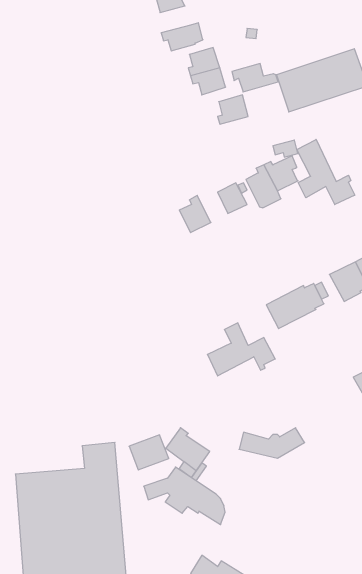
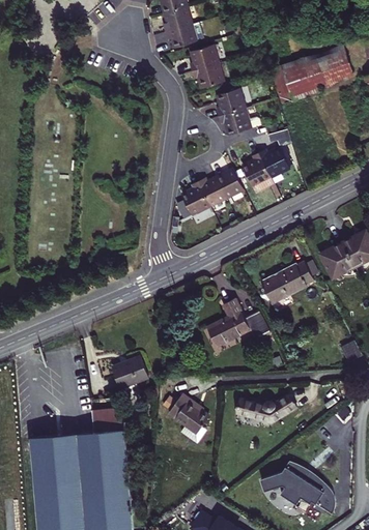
building: none -> [163,7,192,32]
building: [232,64,278,92] -> [219,109,261,135]
building: [297,139,355,205] -> none
building: none -> [198,178,226,206]
building: [129,435,169,470] -> [112,356,148,388]
building: [144,467,225,525] -> [261,462,336,514]

